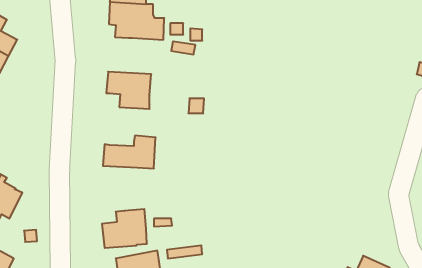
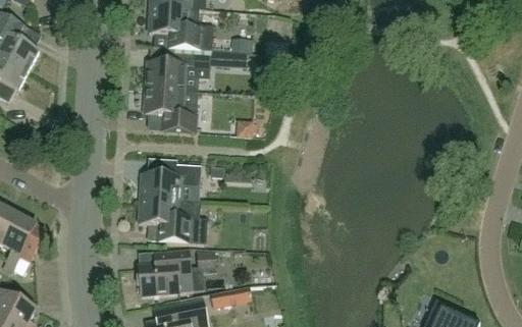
building: none -> [145,50,209,90]
building: none -> [138,198,207,242]

